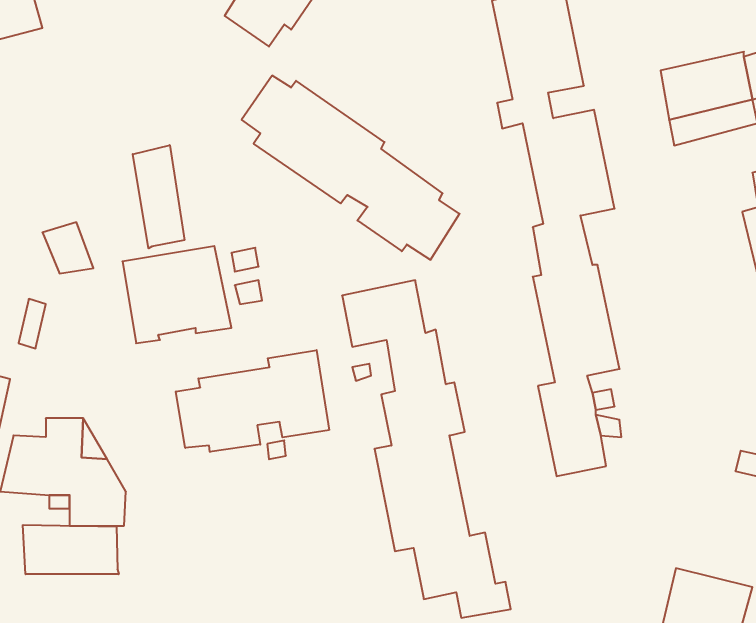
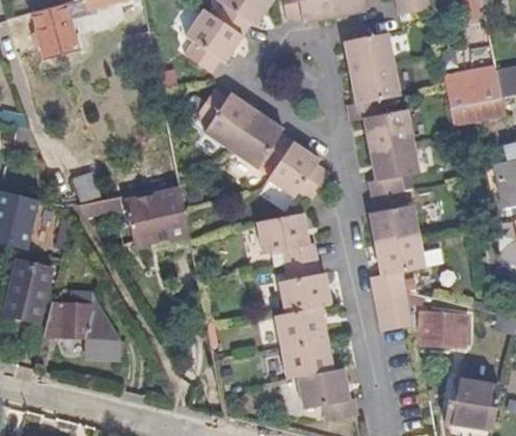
building: [133,145,184,248] -> none
building: [176,350,329,452] -> none
building: none -> [419,315,470,355]
building: [23,525,119,574] -> none

